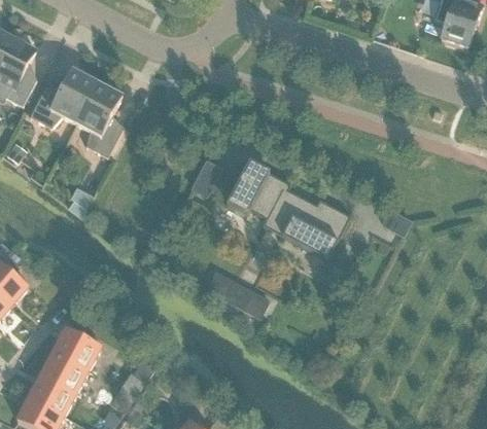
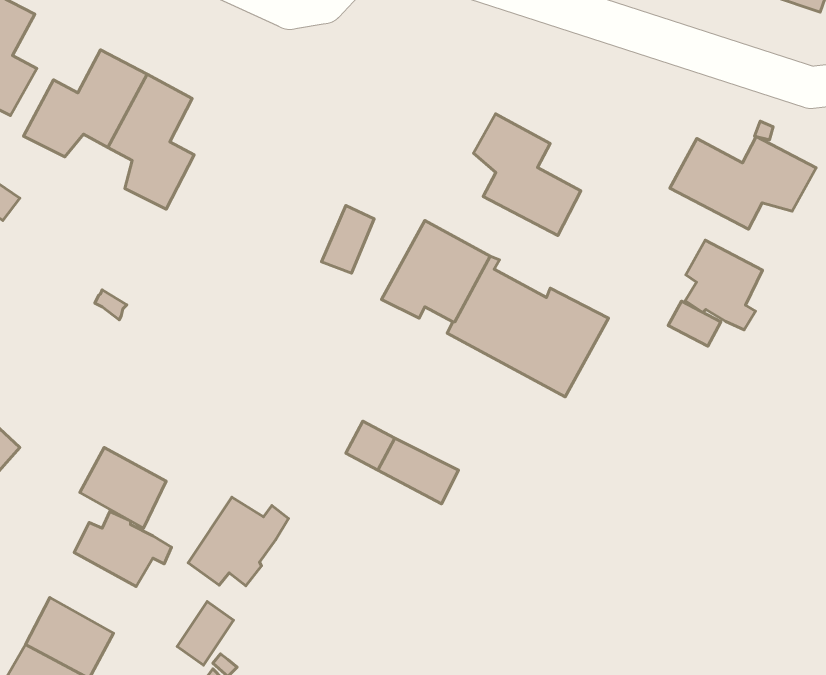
building: none -> [473,114,581,236]
building: none -> [670,136,816,229]
building: none -> [685,240,762,330]
building: none -> [188,497,288,586]
building: [44,344,92,388] -> [80,447,166,528]

